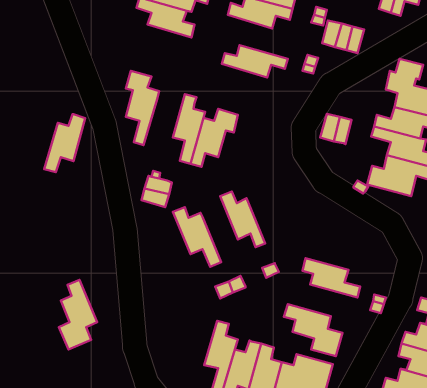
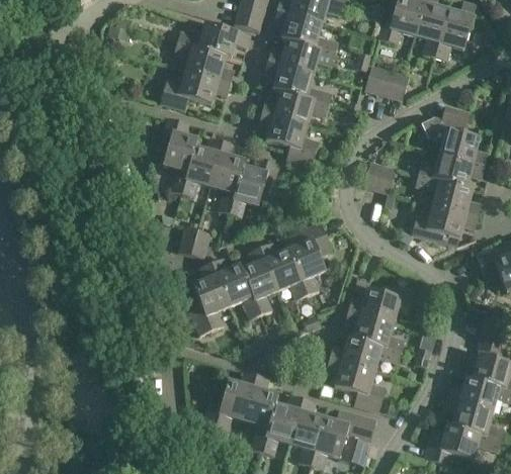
building: none -> [264,60,333,105]
building: none -> [160,70,231,110]
building: none -> [258,110,319,166]
building: [44,114,85,172] -> [181,137,224,197]
building: none -> [283,221,332,295]
building: none -> [242,247,278,314]
building: none -> [348,286,415,322]
building: [59,280,97,350] -> [190,263,230,335]
building: none -> [330,337,402,370]
building: none -> [202,371,257,432]

